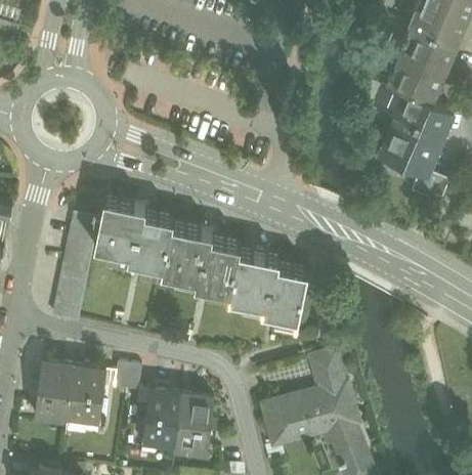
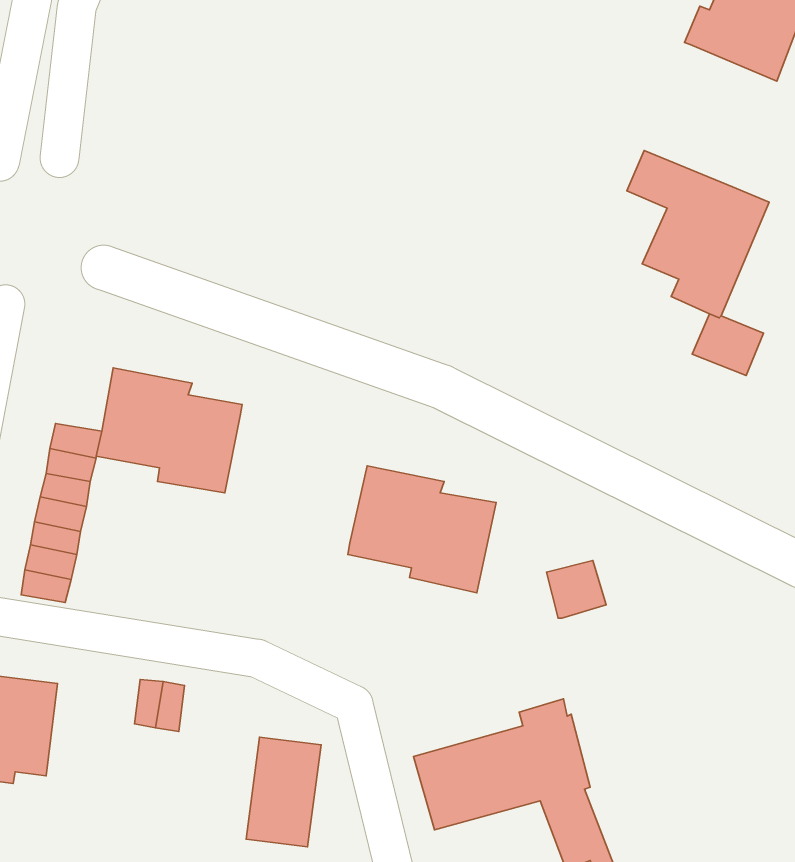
building: [385,28,456,103] -> none
building: [161,225,239,293] -> none
building: [310,352,342,383] -> [547,561,606,618]
building: [66,368,105,425] -> none
building: [142,392,180,450] -> none

